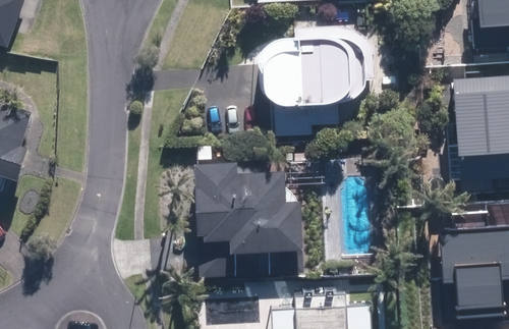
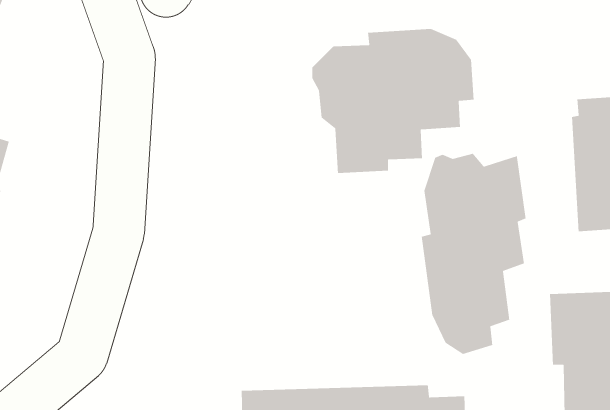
building: none -> [421,153,526,355]
building: [193,161,301,275] -> none

